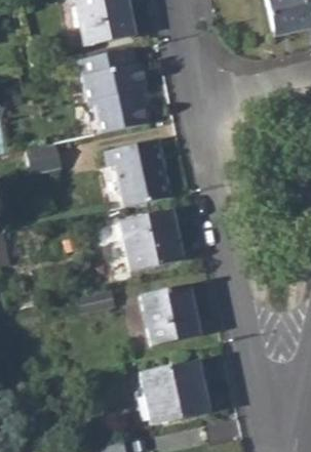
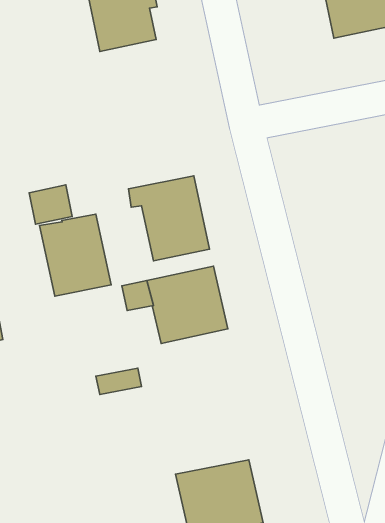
building: [80,45,152,137] -> none
building: none -> [40,214,111,296]
building: [142,285,200,345] -> none

